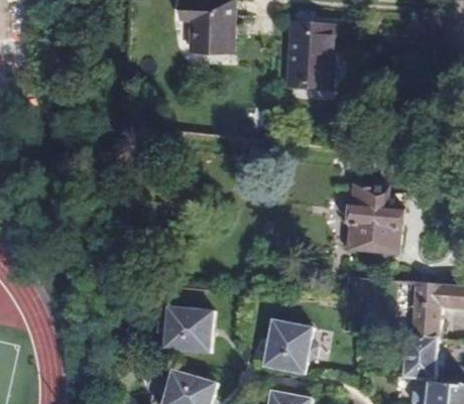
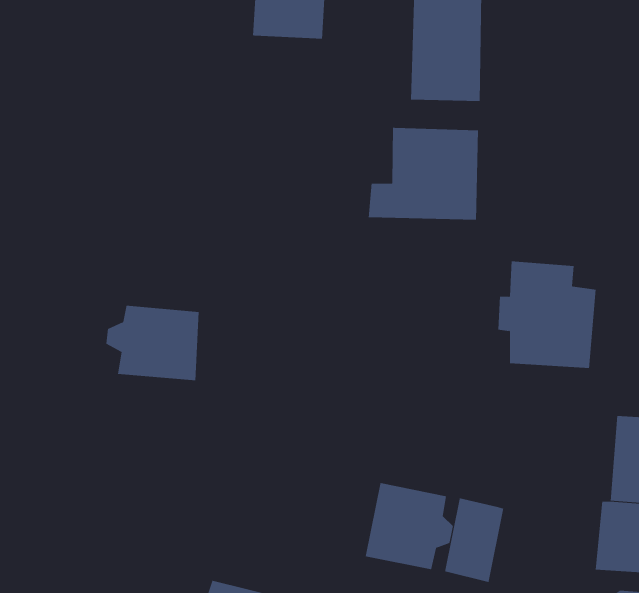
building: none -> [368,127,479,221]
building: [155,307,212,353] -> [106,305,200,381]
building: none -> [445,498,504,583]

